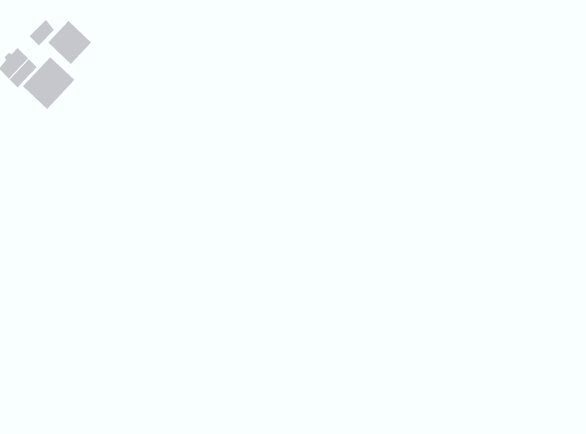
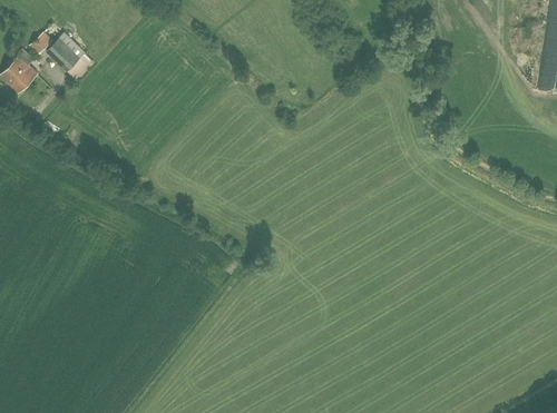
building: [22,56,75,110] -> none

